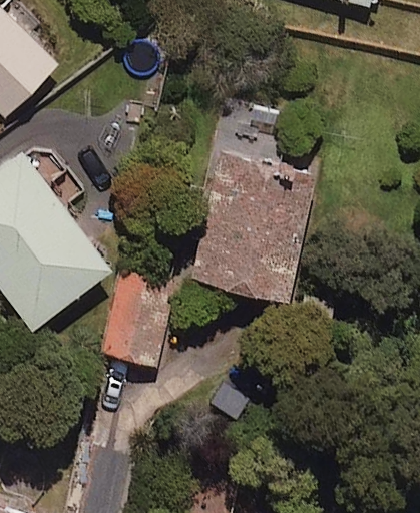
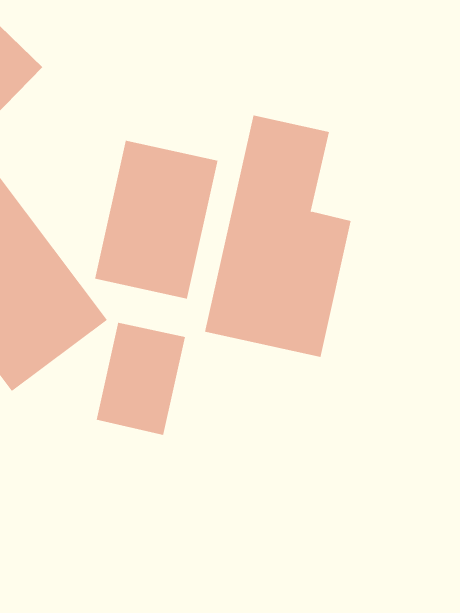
building: none -> [95,140,218,299]

